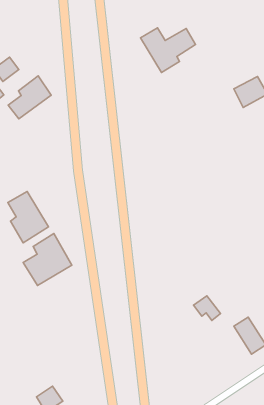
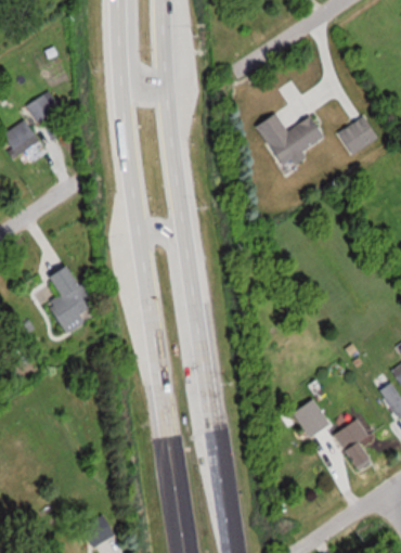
building: [141,28,195,72] -> [257,113,327,170]
building: [8,76,51,119] -> none
building: [23,234,72,286] -> none

